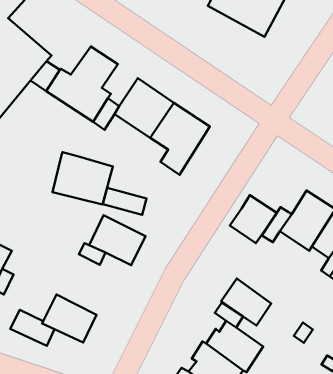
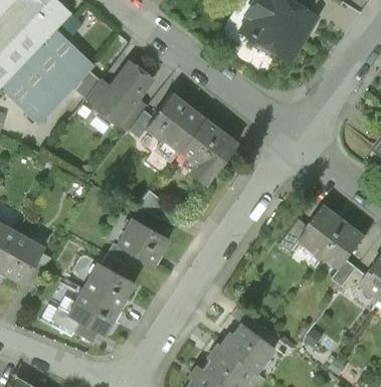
building: [52,152,113,205] -> none
building: [230,195,277,243] -> none
building: none -> [83,263,135,311]
building: [221,279,271,325] -> none

